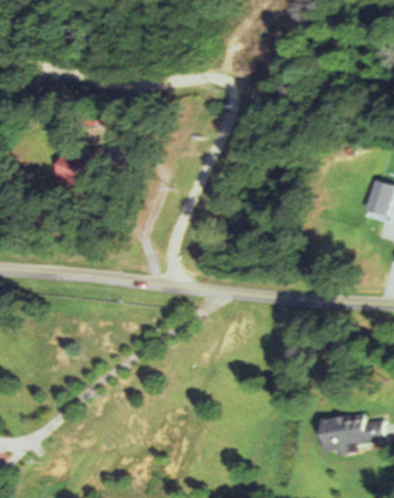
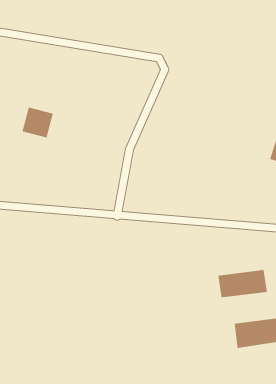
building: none -> [217,269,268,298]

